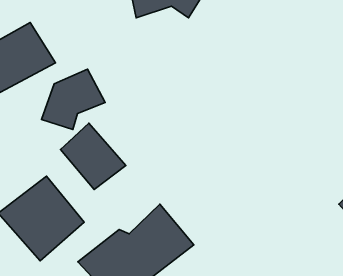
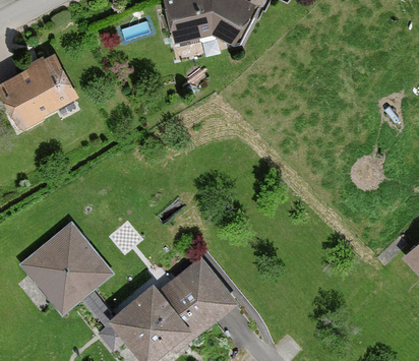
building: [41,69,105,129] -> none
building: [61,123,126,189] -> none

